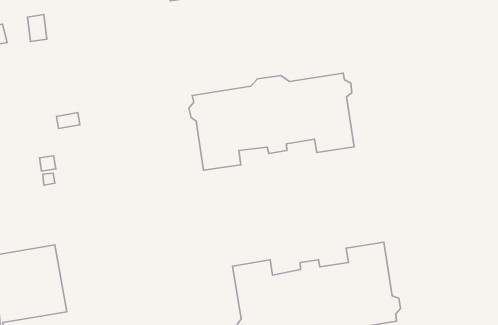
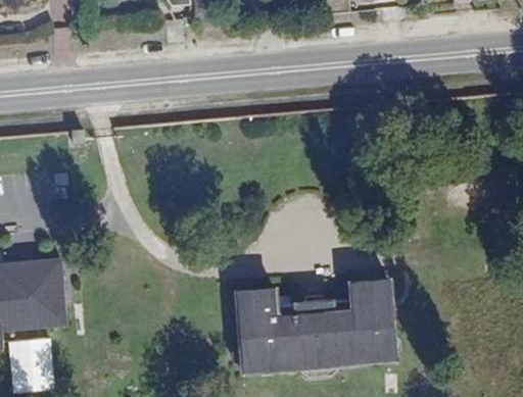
building: [189,73,354,170] -> none

